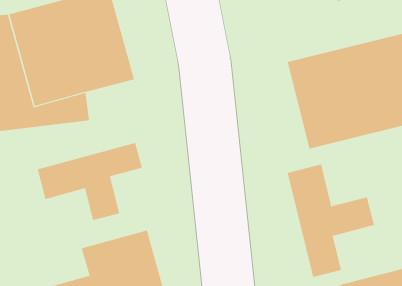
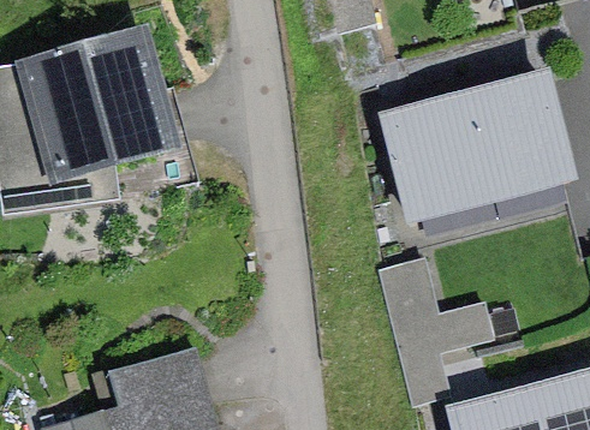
building: [37,142,142,221] -> none

